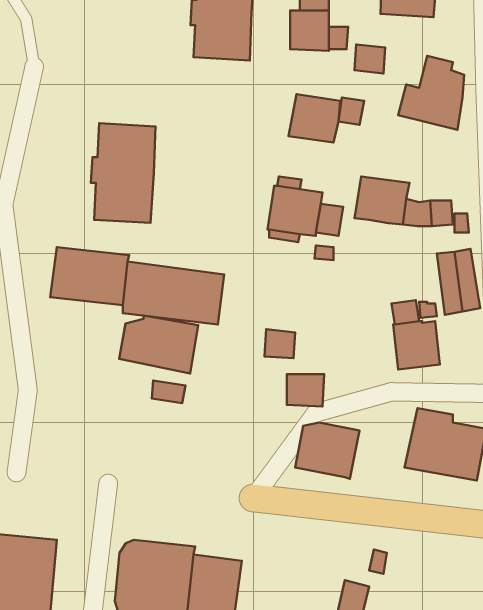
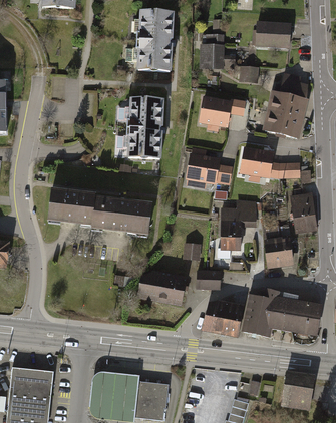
building: none -> [261,108,303,137]
building: [91,123,155,223] -> [126,101,166,163]
building: none -> [219,199,256,250]
building: [119,316,198,373] -> [135,270,185,306]
building: none -> [240,287,278,337]
building: none -> [280,370,314,409]

